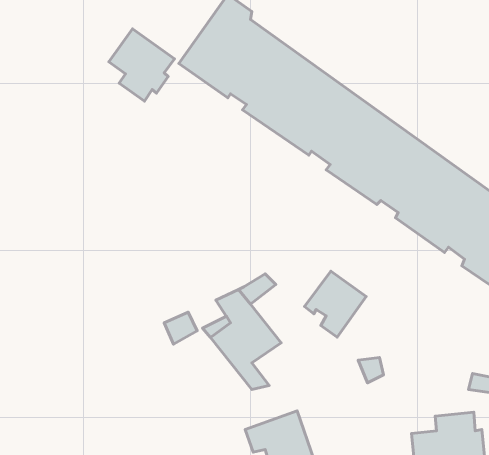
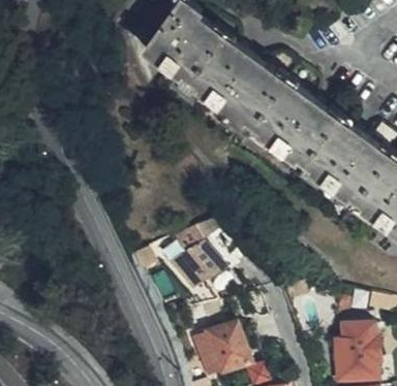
building: [109,29,174,101] -> none
building: [304,271,366,337] -> none

